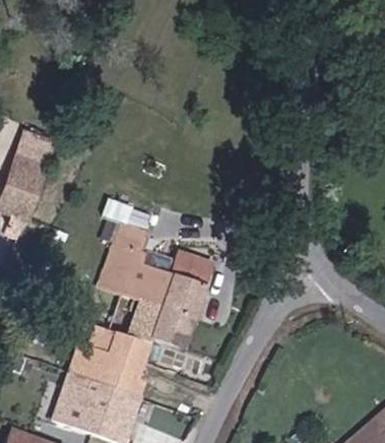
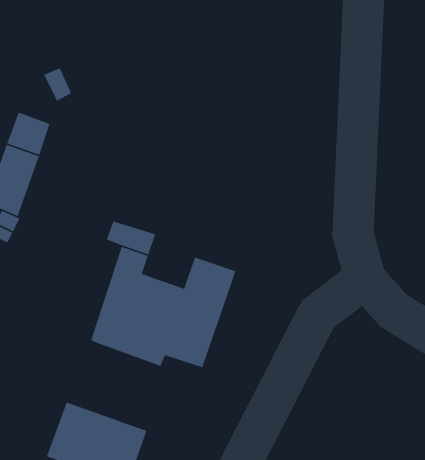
building: [69,322,149,396] -> none

